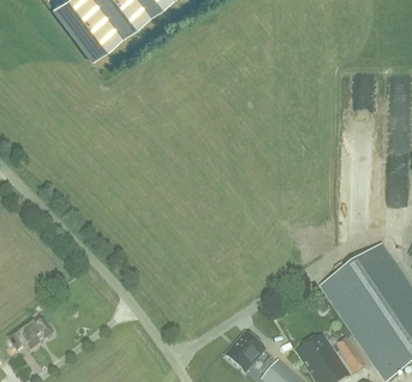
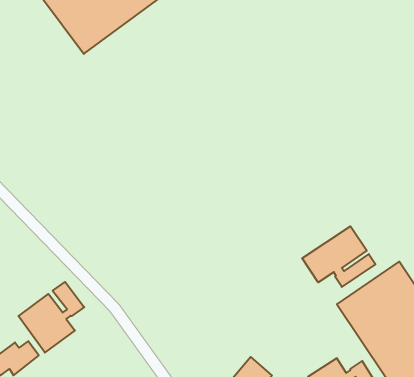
building: none -> [302,226,375,287]
building: none -> [18,282,84,353]

